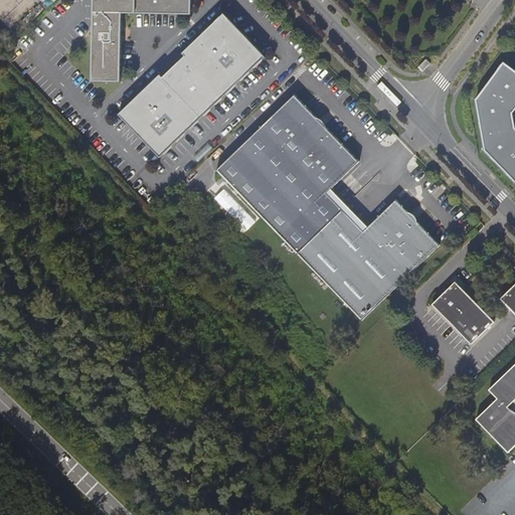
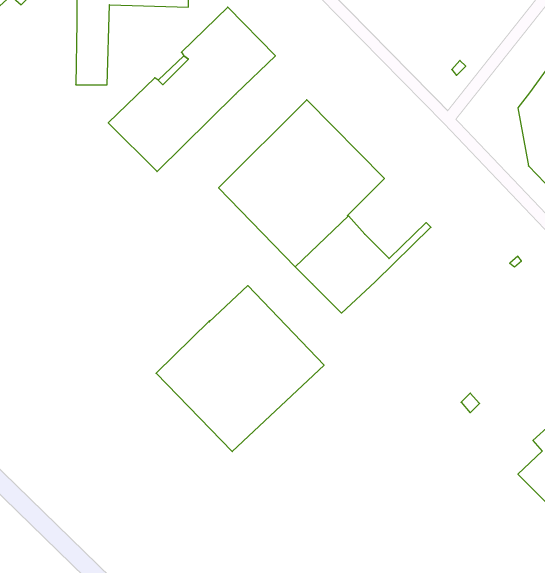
building: [322,203,440,320] -> none
building: none -> [156,286,324,452]
building: [432,282,493,344] -> none

